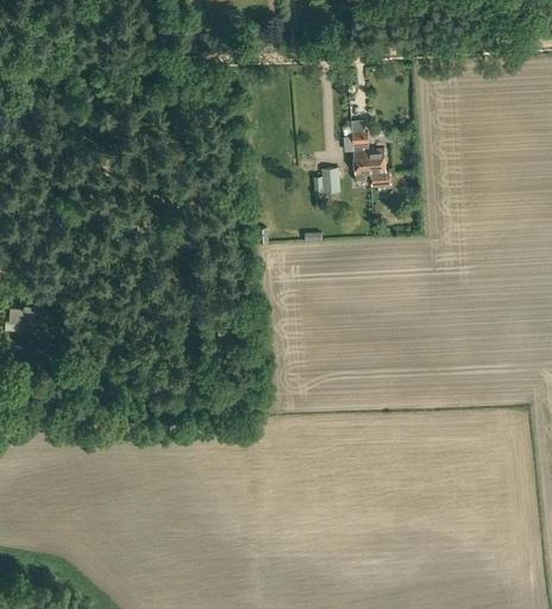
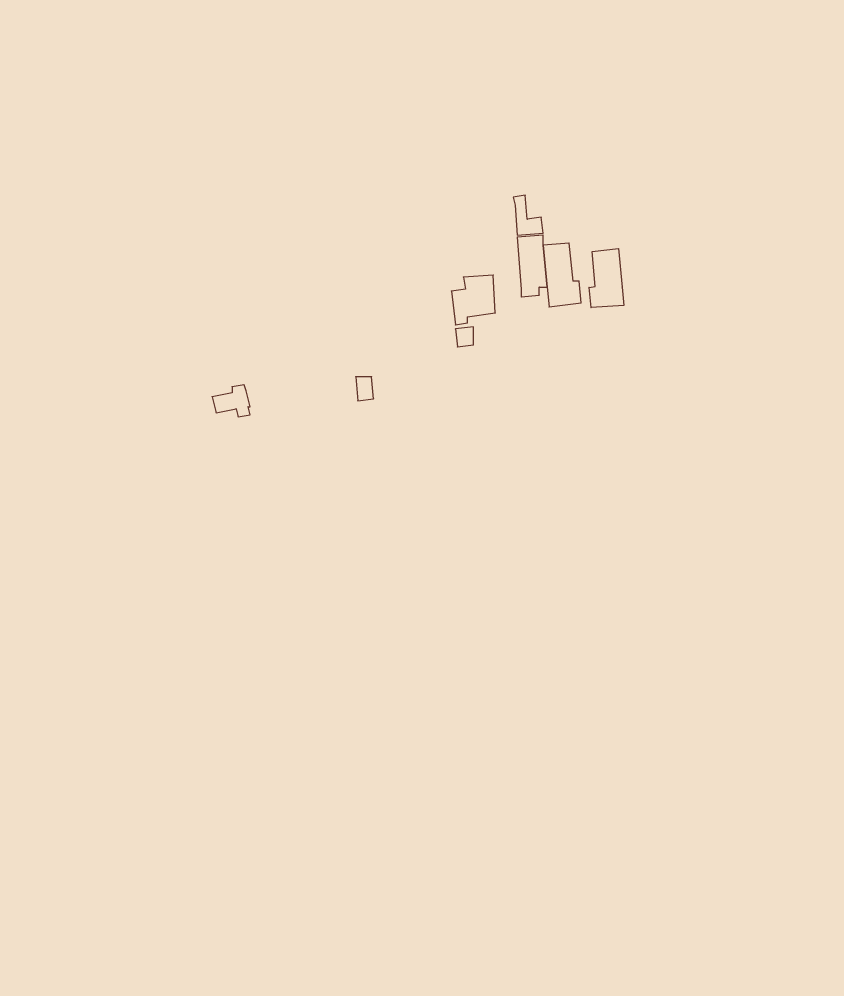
building: none -> [589,249,624,308]

